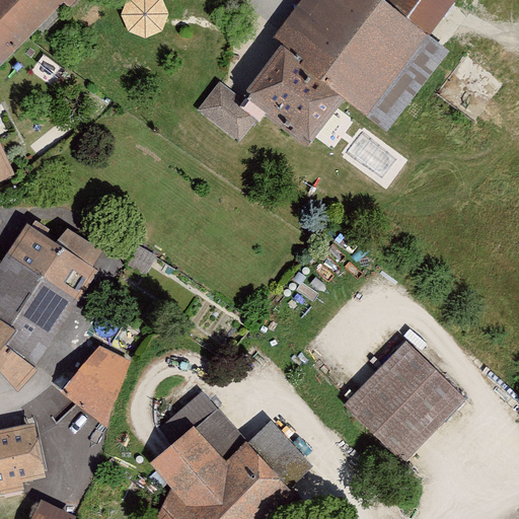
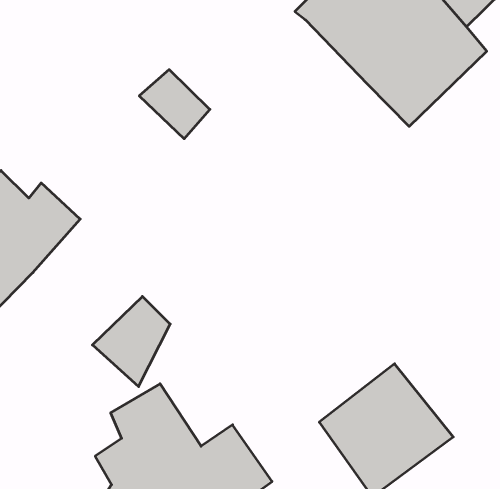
building: [245,48,346,142] -> none
building: [194,82,258,142] -> [139,70,210,139]
building: [59,342,126,423] -> [92,296,170,387]

